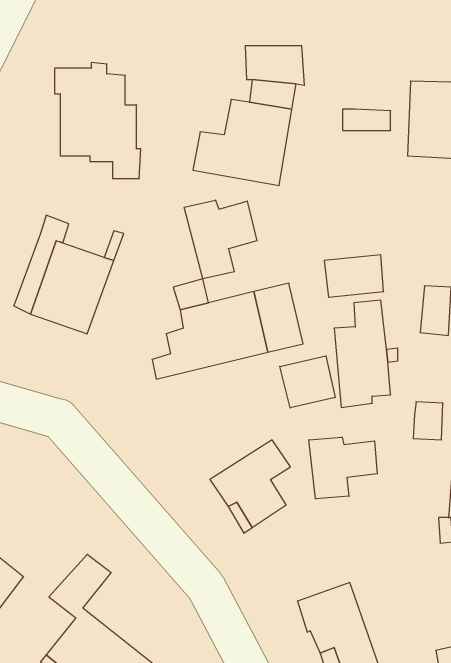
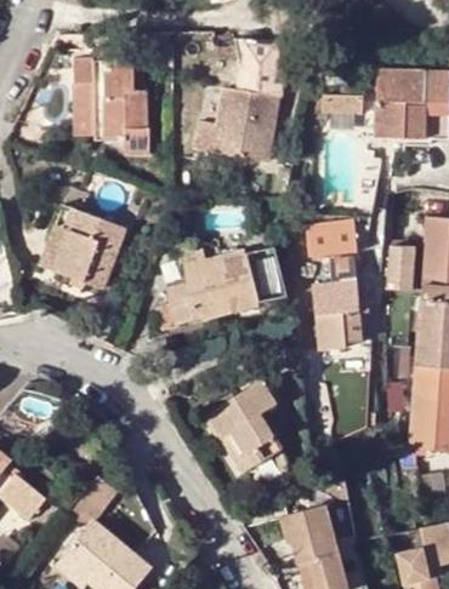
building: [184,200,257,279] -> none
building: [280,356,335,408] -> none
building: [309,437,377,499] -> none

